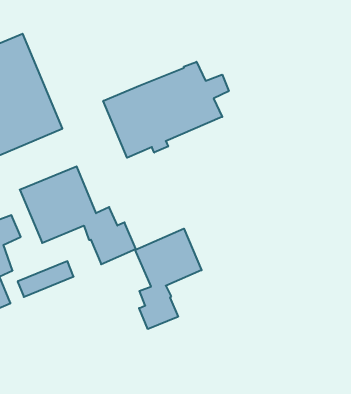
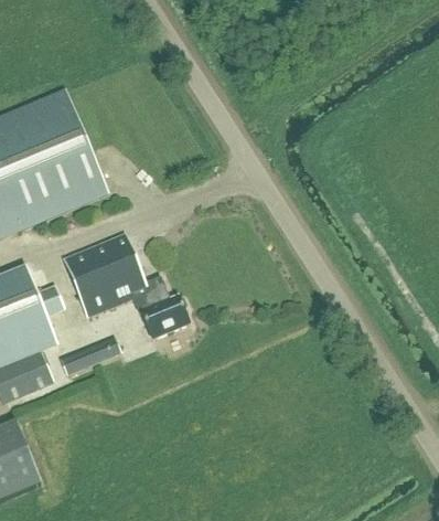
building: [103,62,229,158] -> none
building: [135,229,202,329] -> none

